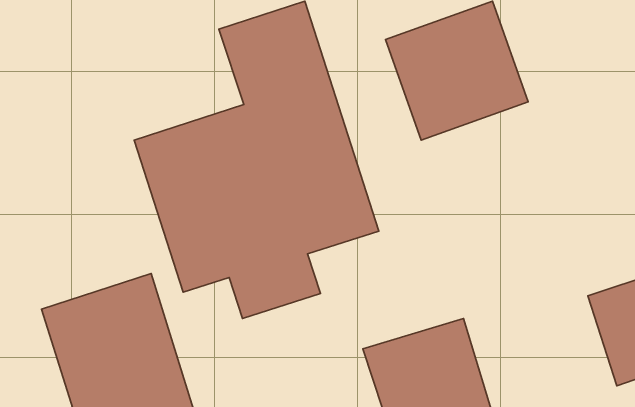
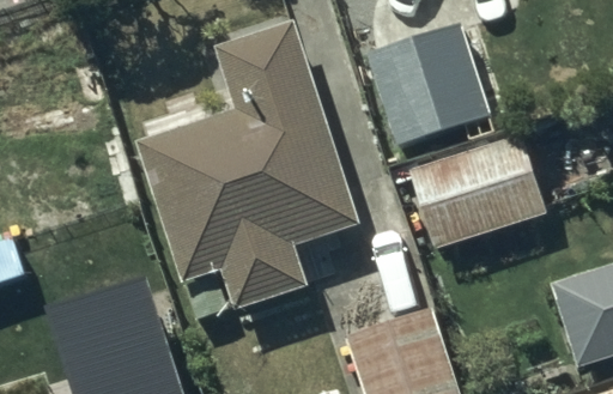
building: none -> [407,133,545,248]

